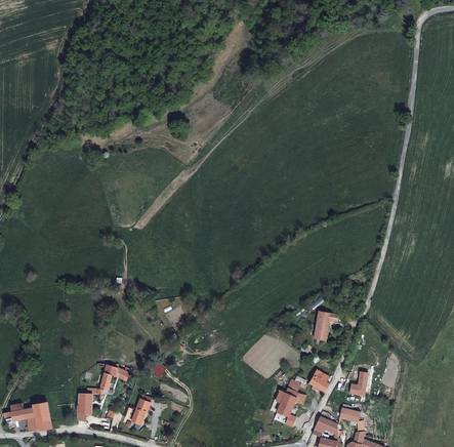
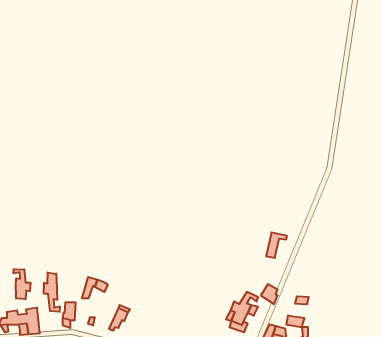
building: none -> [14,269,31,299]
building: none -> [44,272,60,312]

